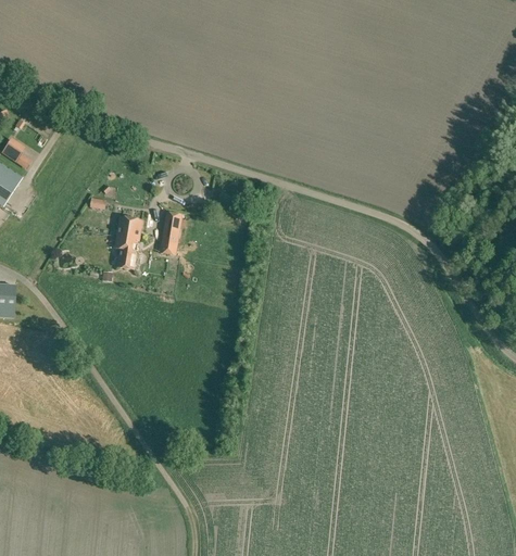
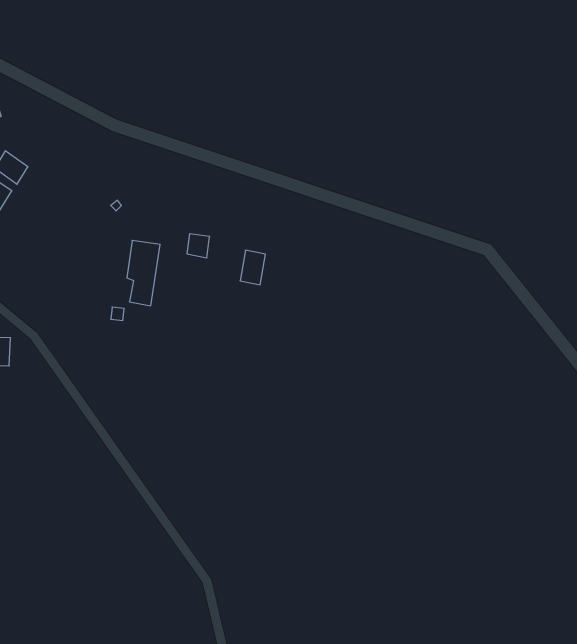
building: [158,226,178,254] -> [240,250,265,285]

